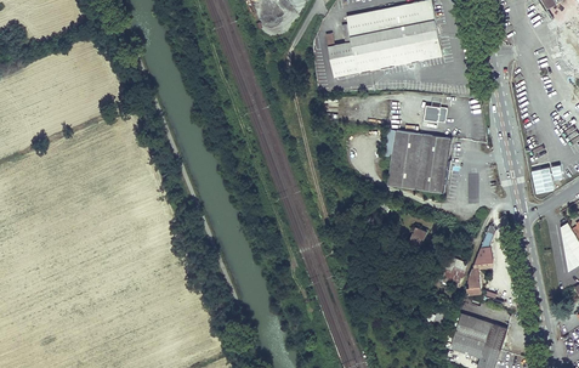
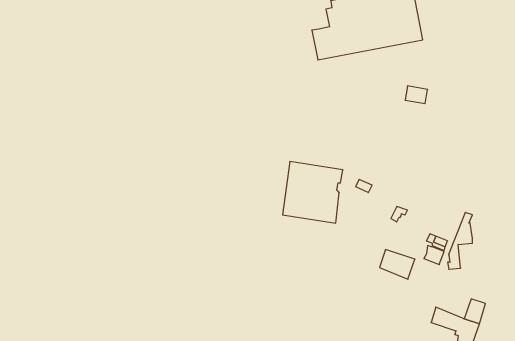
building: [388,130,450,193] -> [283,162,343,223]
building: [455,313,492,344] -> [380,250,415,279]

